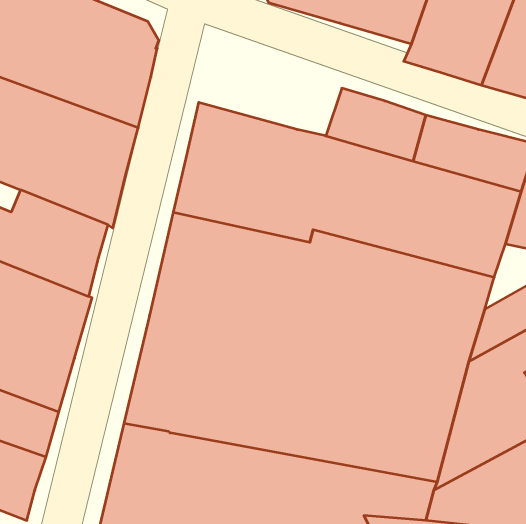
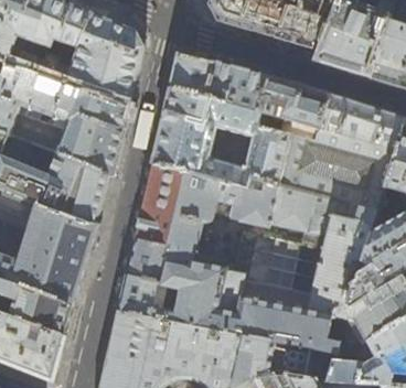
building: none -> [169,56,268,111]

